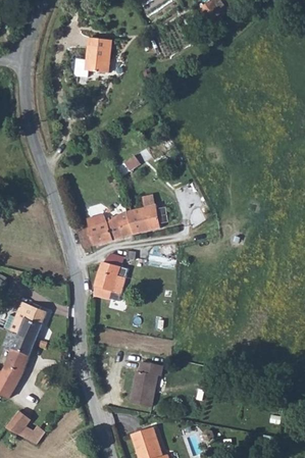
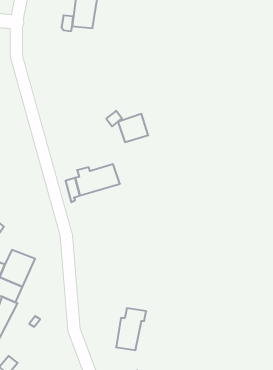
building: [128,204,159,234] -> [118,114,148,142]
building: [92,250,125,300] -> none

